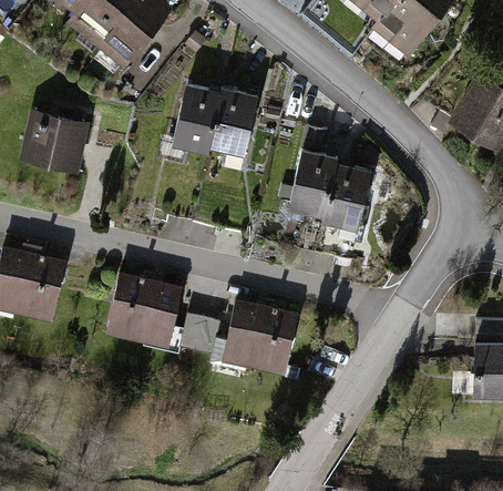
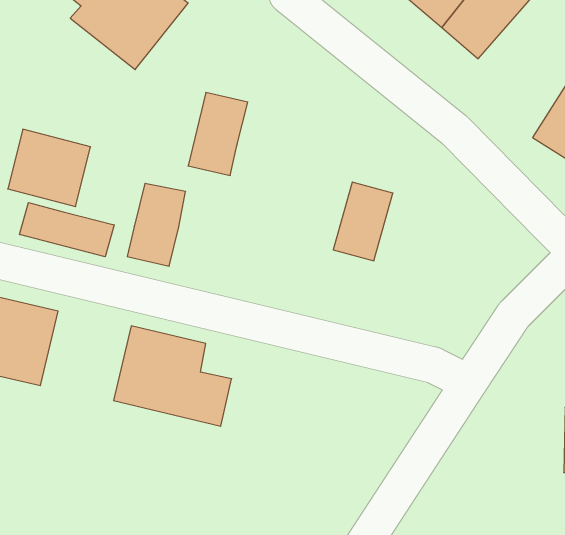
building: [203,91,250,158] -> [127,183,186,266]
building: [320,165,369,229] -> none
building: none -> [20,203,114,257]
building: [196,300,299,375] -> none

